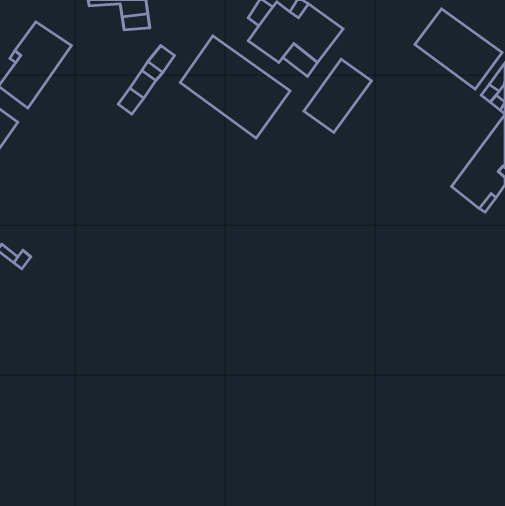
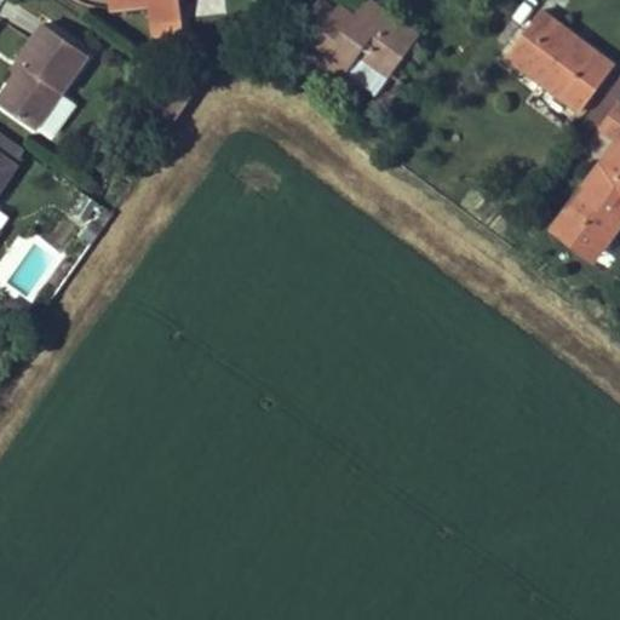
building: [180,36,290,138] -> none
building: [304,59,372,132] -> none

